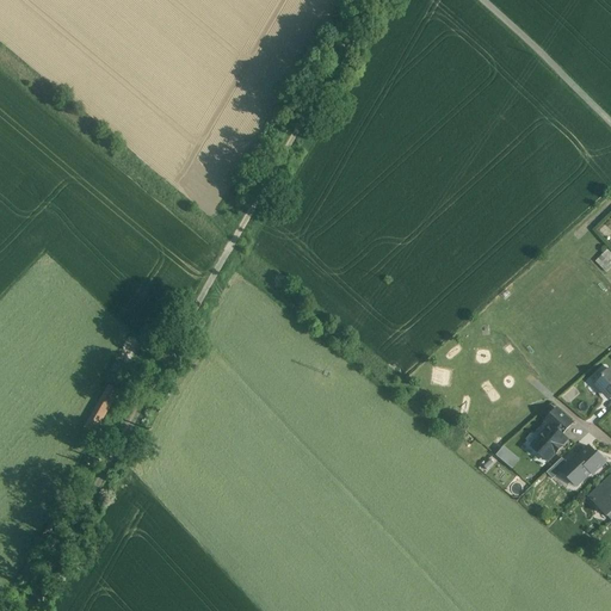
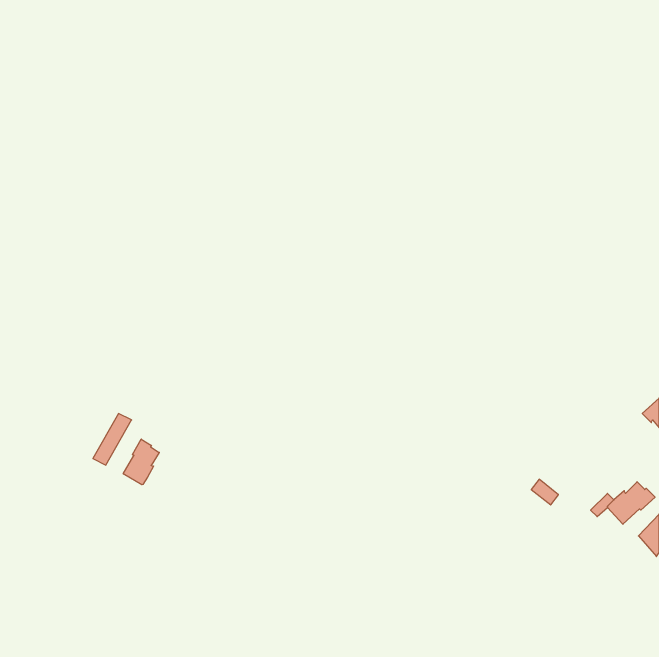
building: none -> [123,439,159,485]
building: [532,408,573,461] -> none

